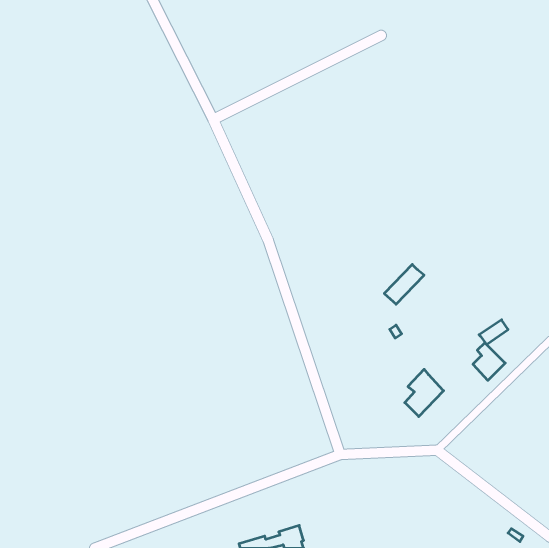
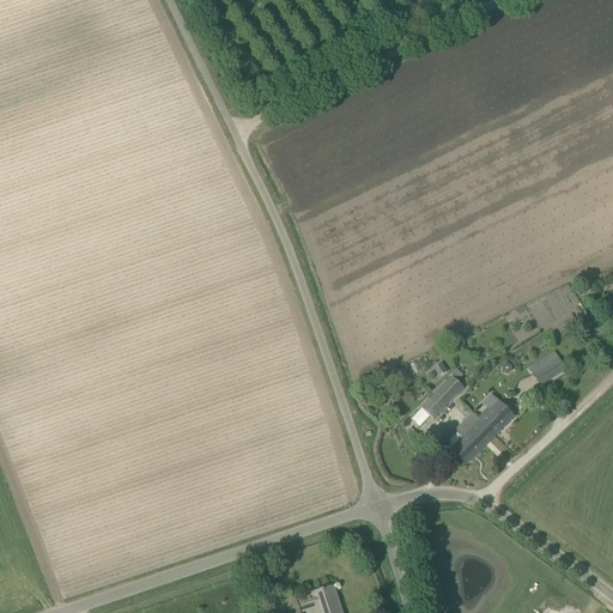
building: [384,264,424,304] -> [421,375,466,419]
building: [473,343,505,380] -> [478,393,514,435]

